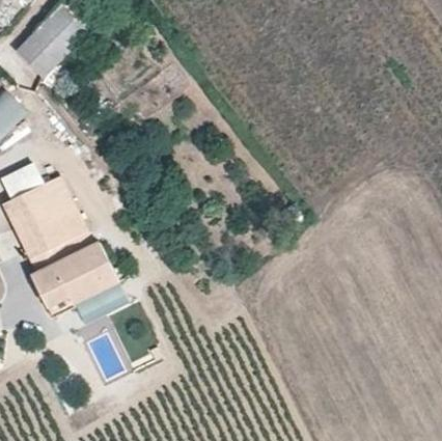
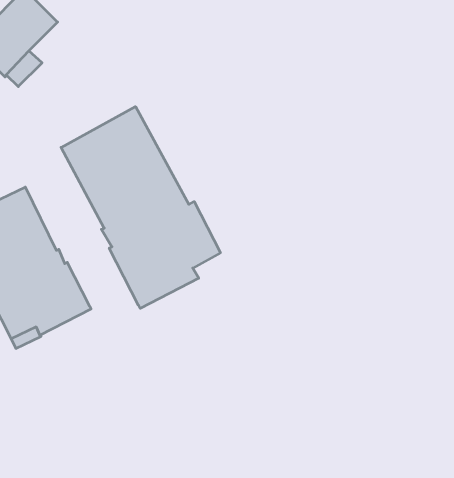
building: none -> [61,107,220,308]

